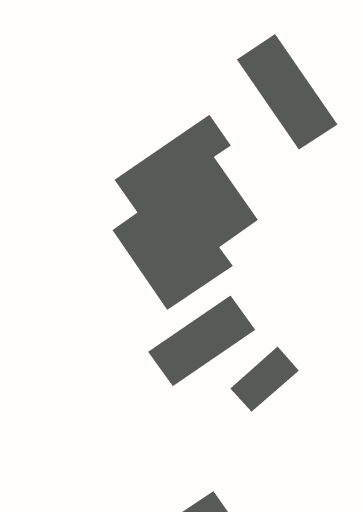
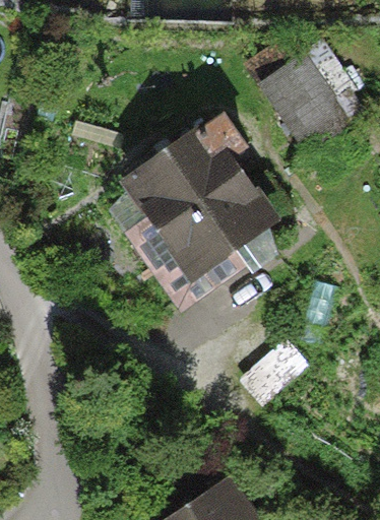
building: [147,294,256,387] -> none

